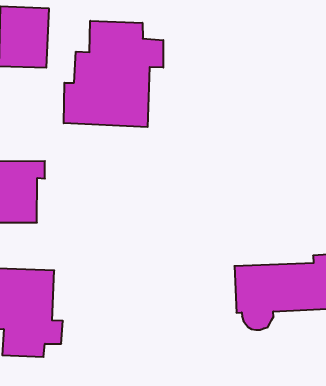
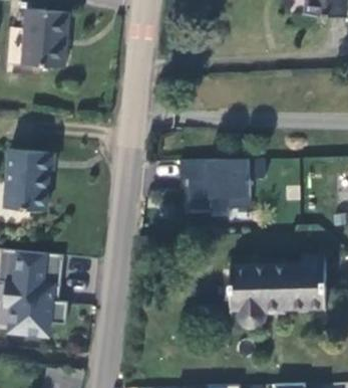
building: [64,21,163,127] -> none
building: none -> [172,160,259,210]

